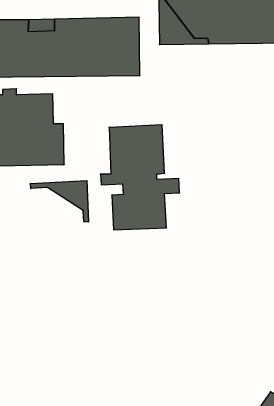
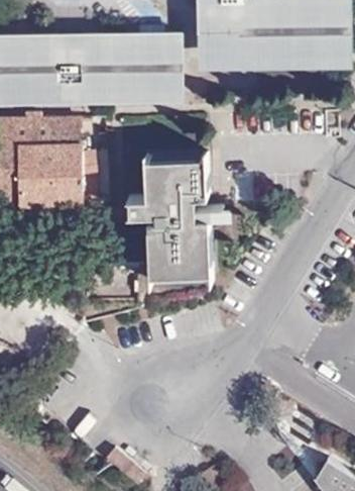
building: [30,181,89,222] -> none

